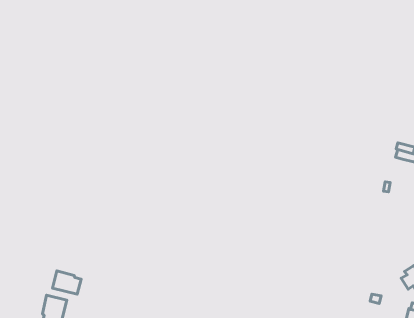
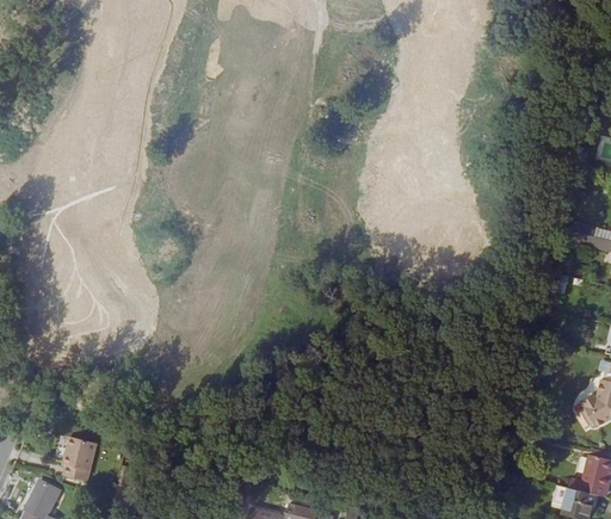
building: [53,271,81,294] -> none

